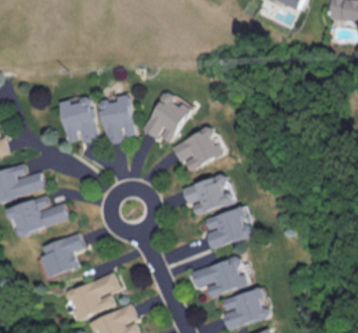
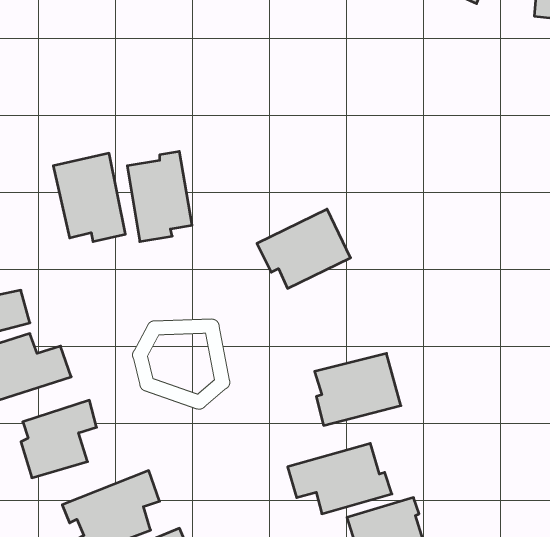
building: [144,93,193,144] -> none
building: [182,175,232,214] -> none

